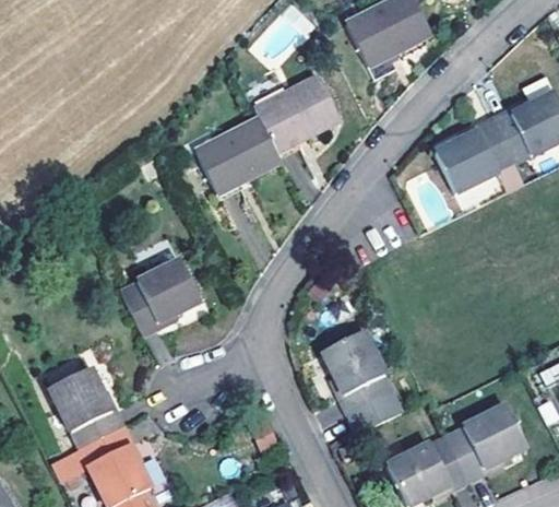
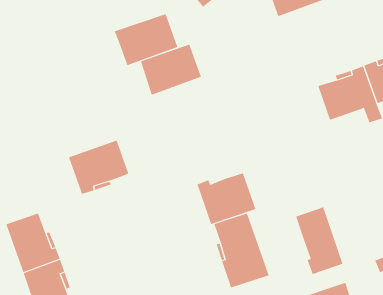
building: [252,74,340,151] -> [114,13,178,66]
building: none -> [197,173,256,225]
building: none -> [296,207,343,275]

